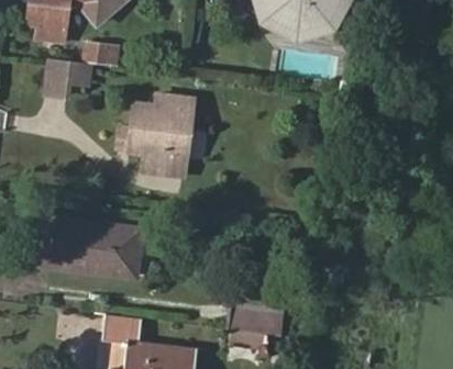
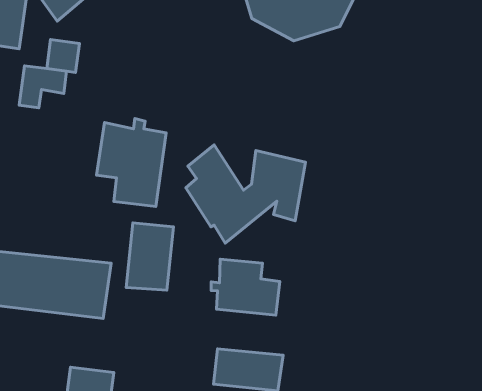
building: none -> [186,145,306,243]
building: none -> [126,223,174,290]
building: none -> [211,259,280,315]

